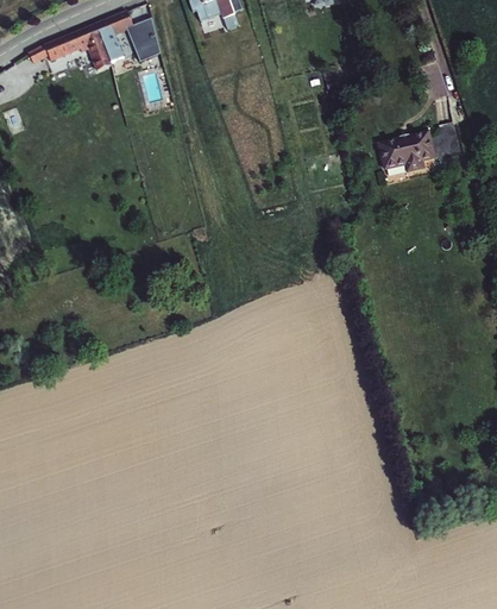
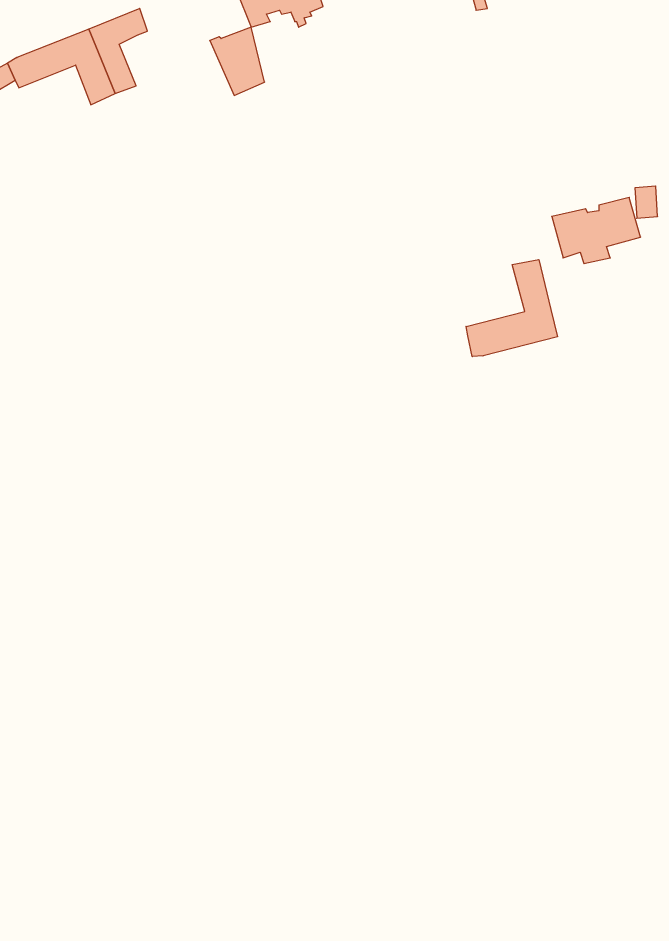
building: [126,20,161,63] -> [210,27,265,95]
building: none -> [466,260,557,357]

